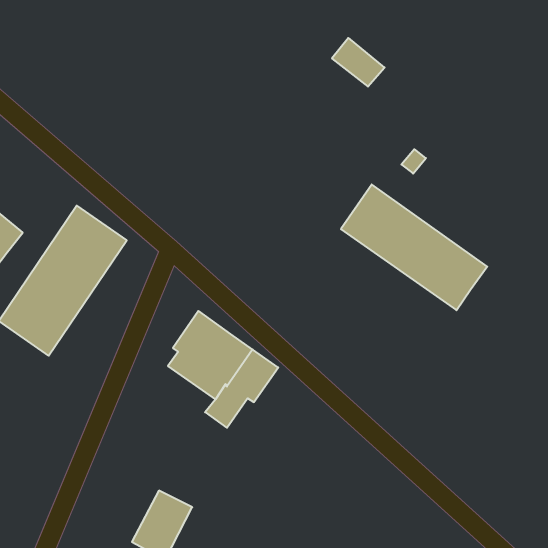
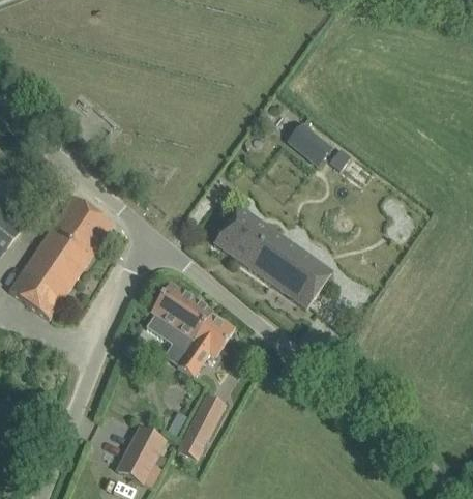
building: [332,38,385,87] -> [288,123,330,163]
building: [341,184,487,310] -> [213,206,331,307]
building: none -> [178,394,225,460]

